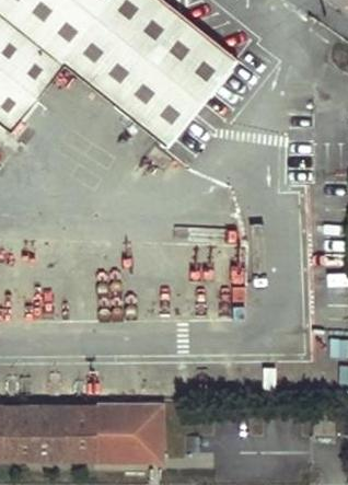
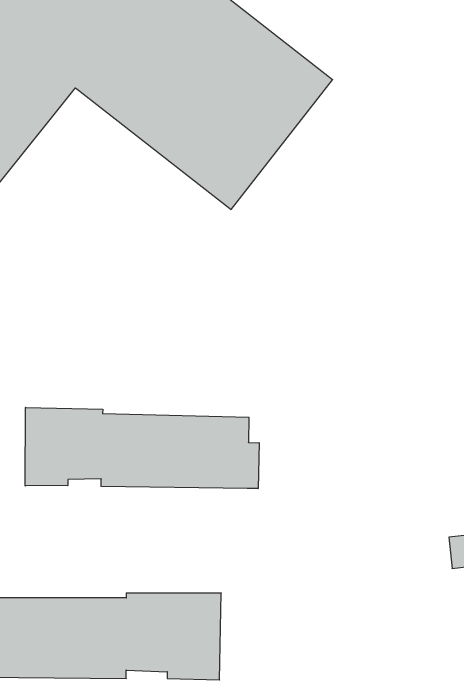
building: none -> [25,407,259,489]

